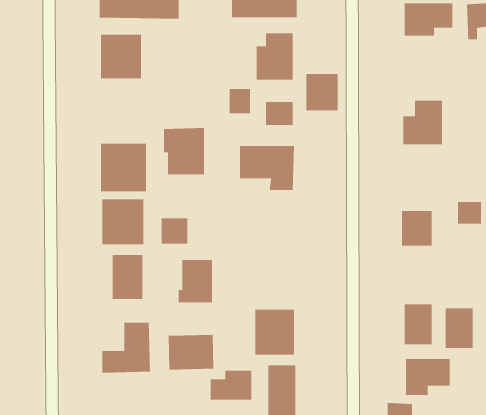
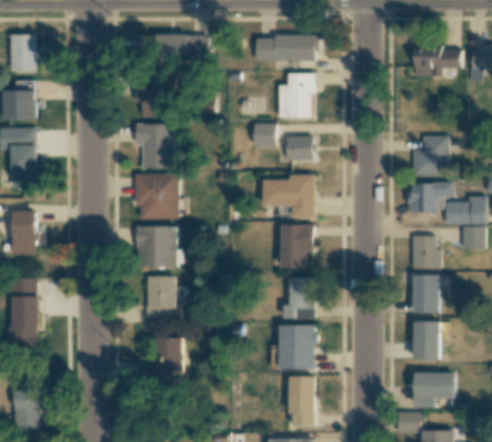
building: [305,73,338,111] -> none
building: [163,127,205,175] -> [136,123,174,167]
building: none -> [413,183,473,224]
building: none -> [280,224,313,268]
building: [161,217,188,245] -> none
building: [178,259,213,303] -> [284,279,316,319]
building: [445,307,473,349] -> [415,275,441,313]
building: [168,334,214,370] -> none
building: [210,370,252,400] -> none

